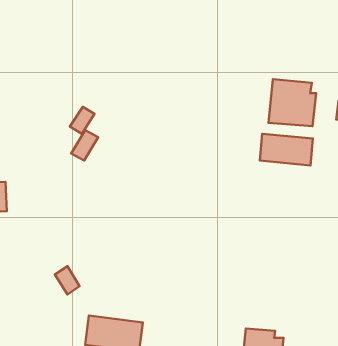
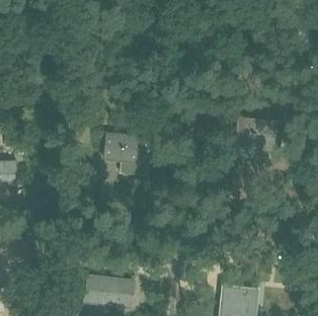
building: [268,79,316,126] -> none
building: none -> [103,134,149,162]

